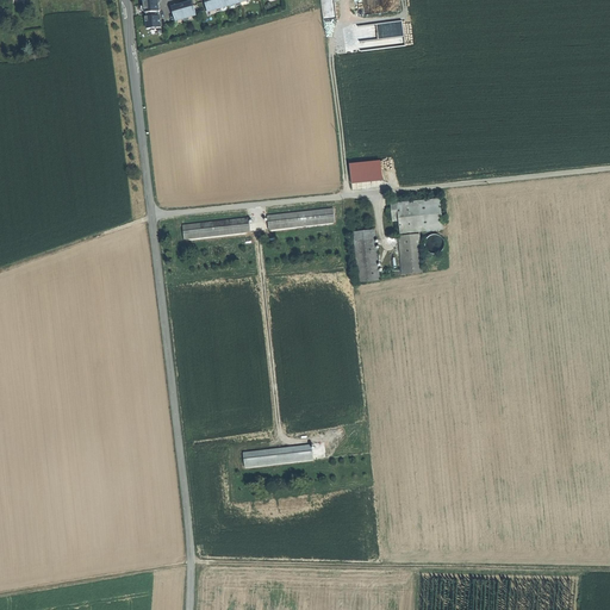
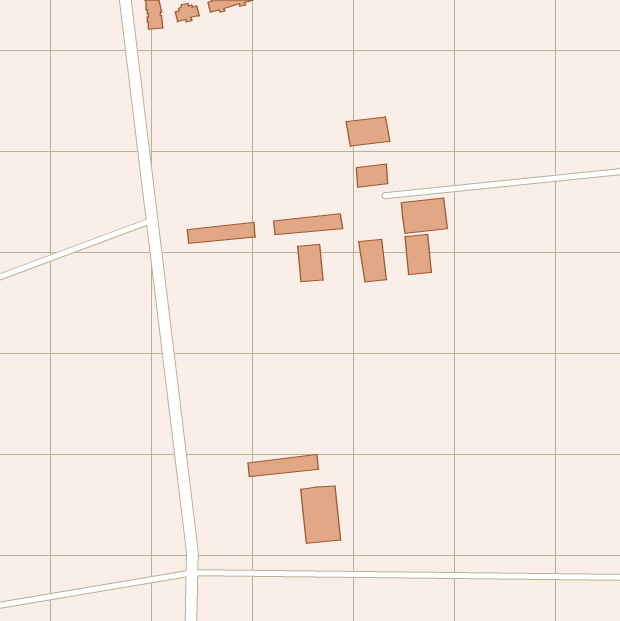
building: none -> [346,117,390,146]
building: none -> [298,244,323,282]
building: none -> [301,486,341,544]

